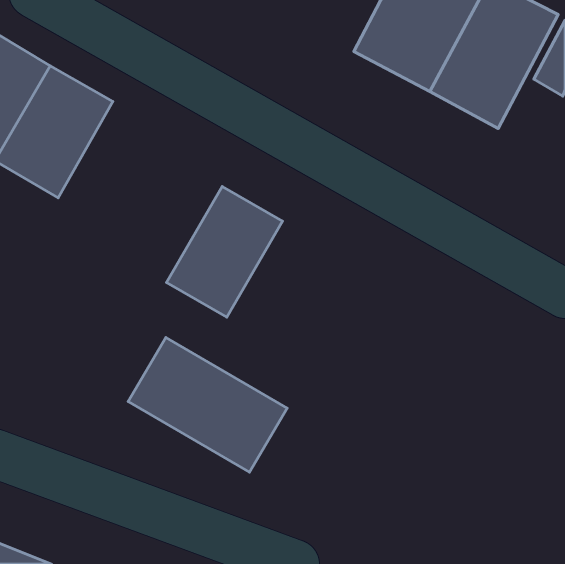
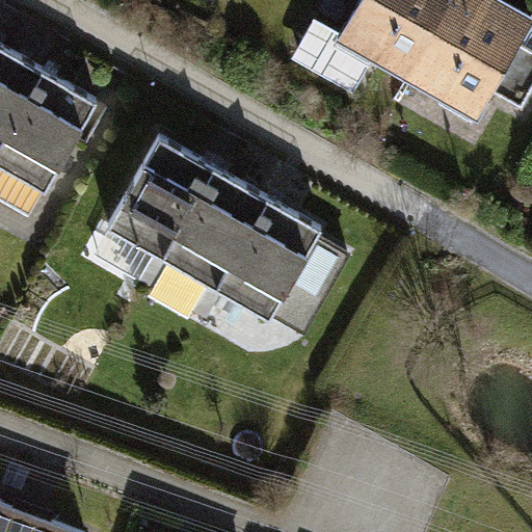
building: none -> [103,143,207,263]
building: none -> [211,206,321,328]
building: [128,338,287,472] -> none

